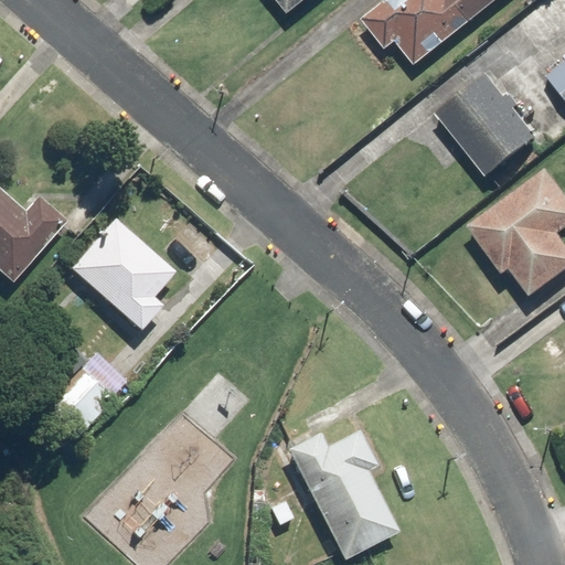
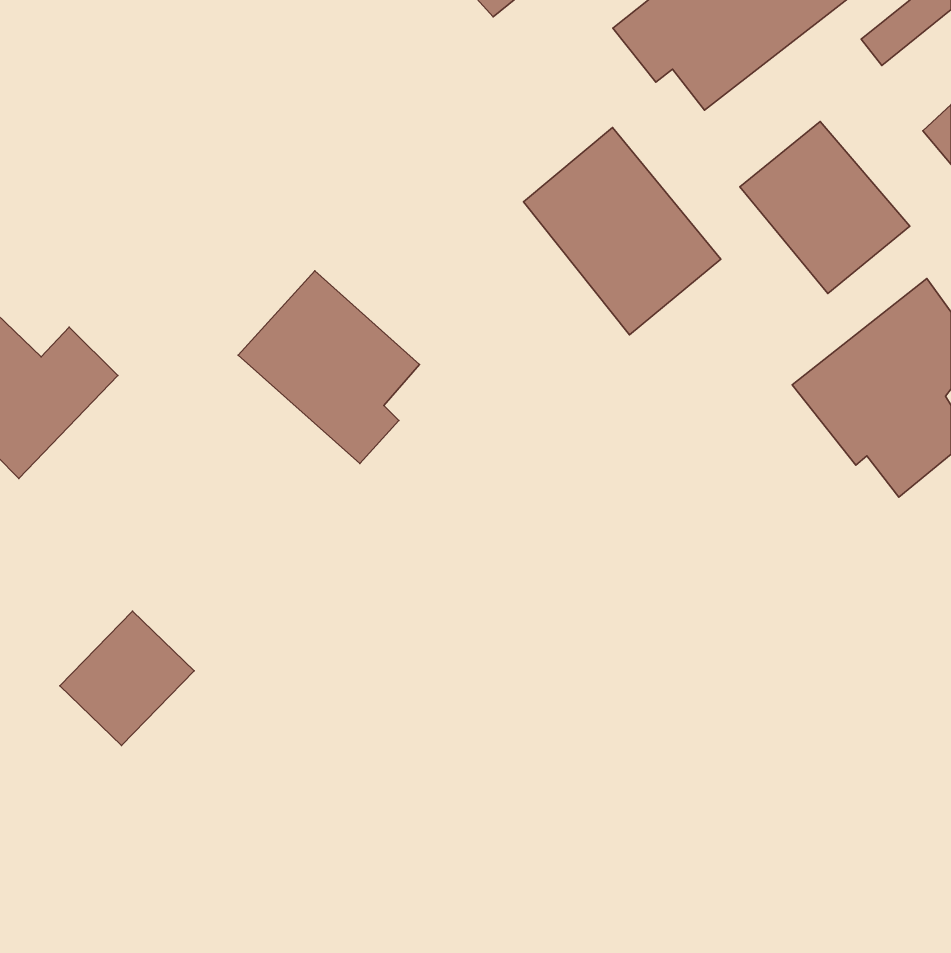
building: none -> [524,127,721,335]
building: [70,217,177,331] -> [238,271,419,463]
building: [285,425,399,558] -> none

